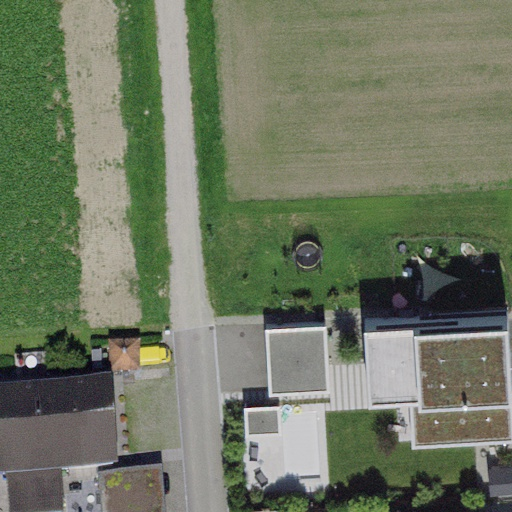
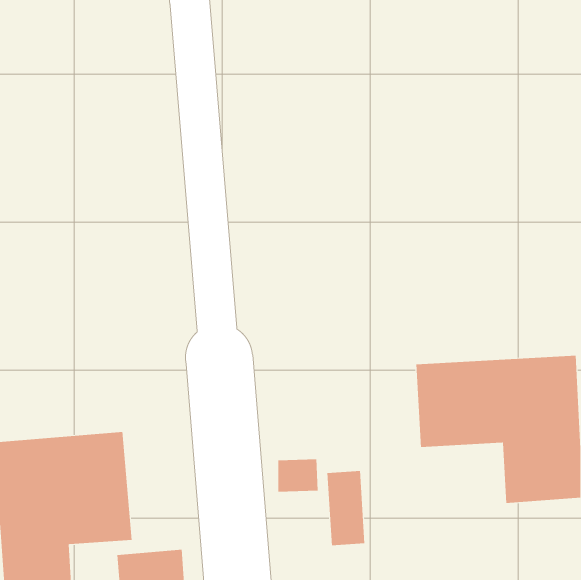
building: [266,330,331,390] -> none

